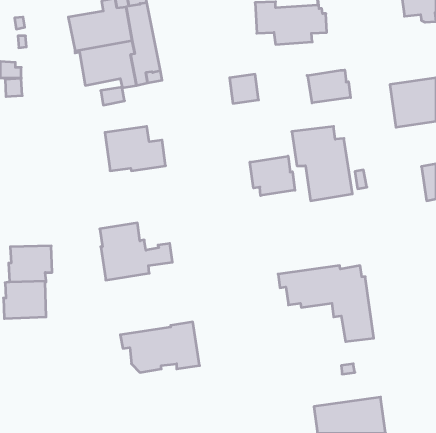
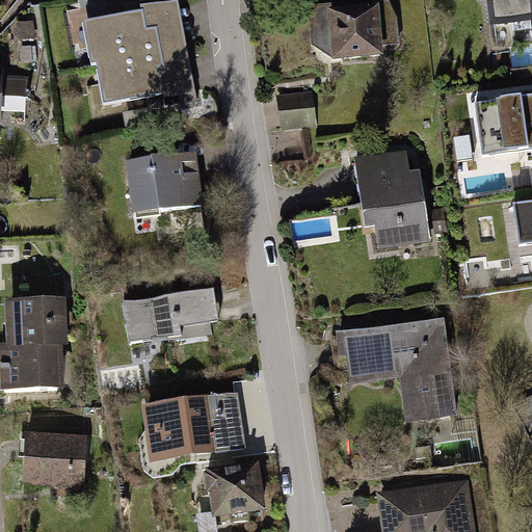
building: [307,70,351,103] -> none
building: [250,156,295,196] -> none
building: none -> [25,434,84,482]
building: none -> [207,464,262,520]

